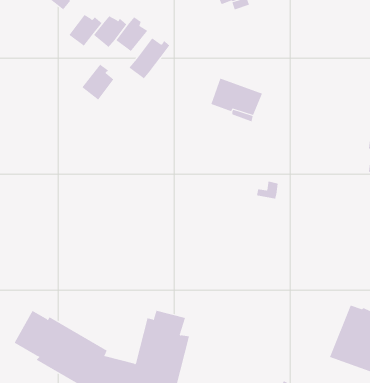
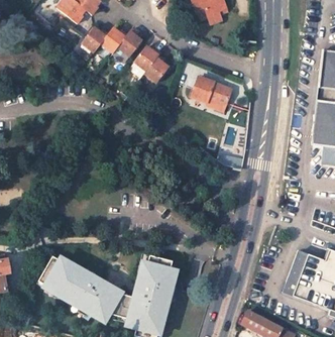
building: [81,64,114,100] -> [143,54,169,83]

